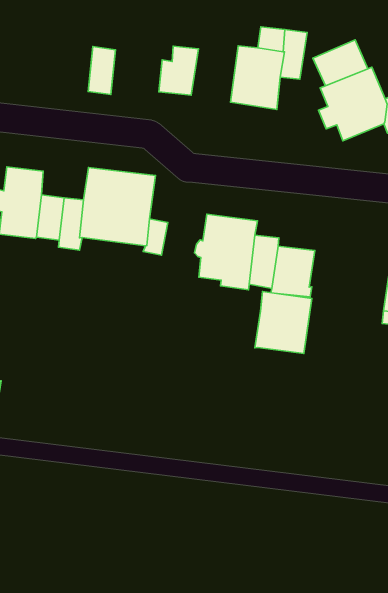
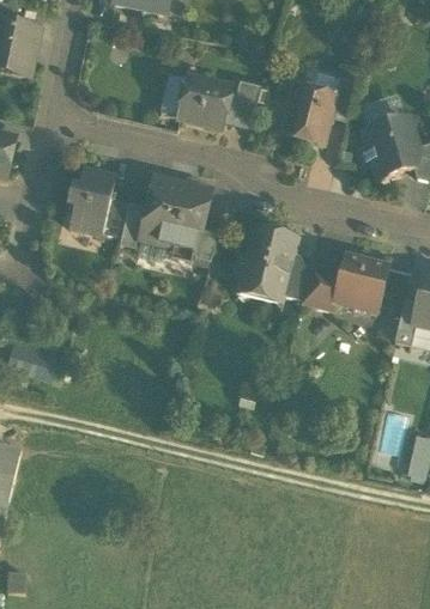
building: none -> [180,79,229,127]
building: [255,292,312,353] -> [333,255,387,312]

